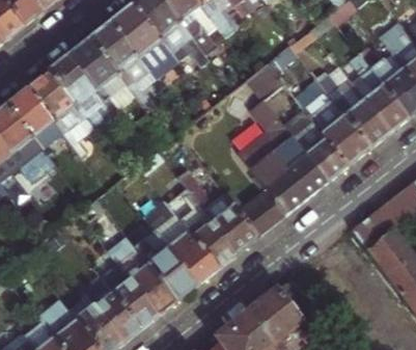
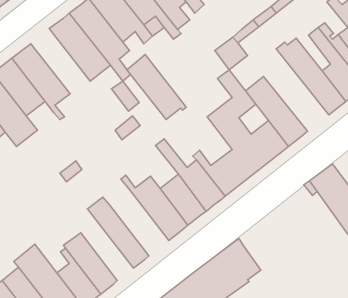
building: [49,54,113,125] -> [127,54,186,120]
building: [301,76,371,165] -> none
building: [134,228,198,300] -> none
building: [103,262,160,327] -> none

